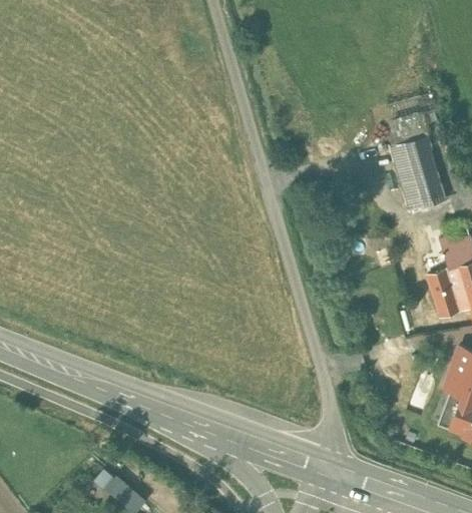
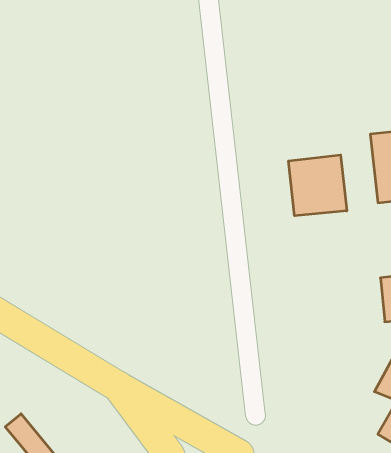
building: none -> [289,155,347,216]

